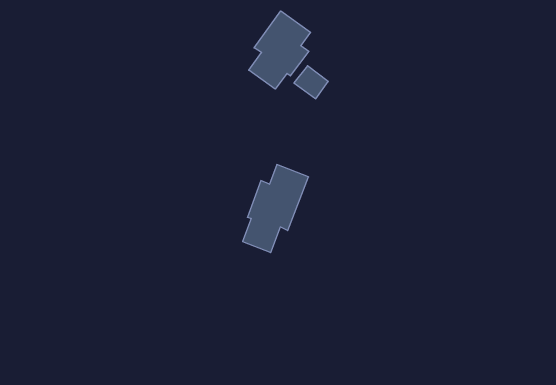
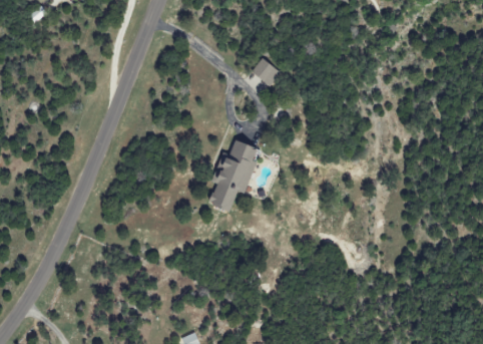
building: [249,11,311,89] -> none

